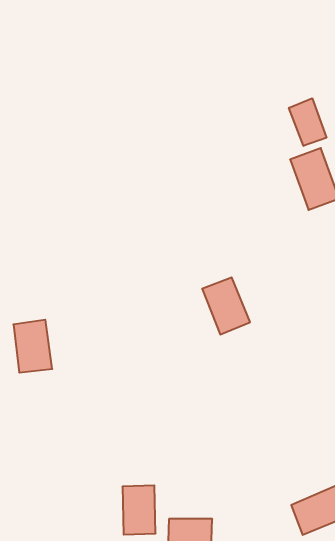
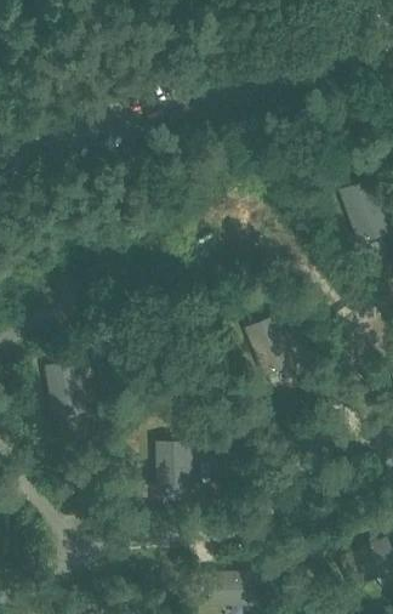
building: [289,98,326,146] -> none
building: [122,485,156,535] -> [156,440,192,493]

